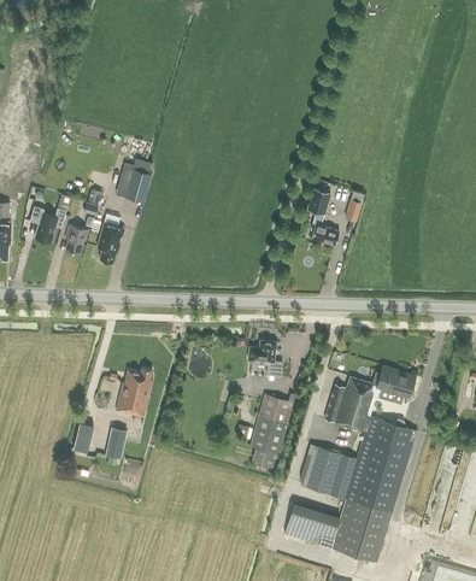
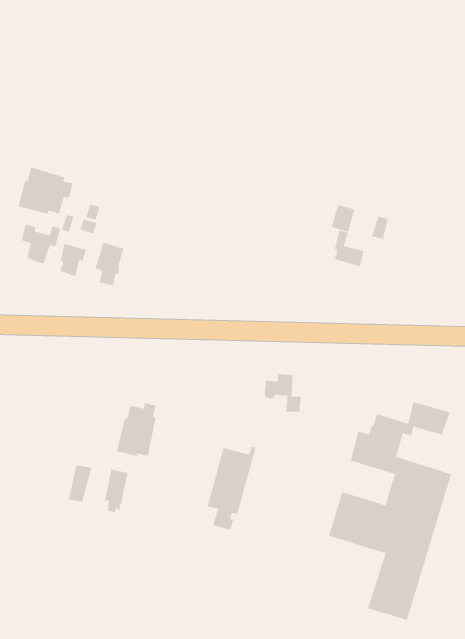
building: none -> [18,167,73,214]
building: [124,158,151,203] -> none
building: [249,392,294,468] -> [207,446,256,531]
building: [283,504,339,547] -> none

